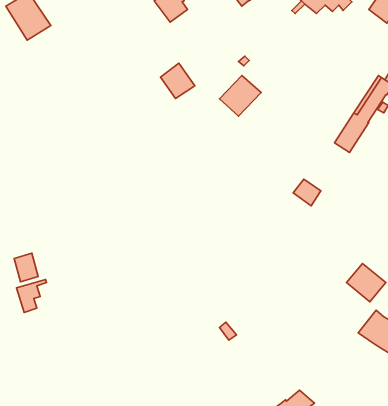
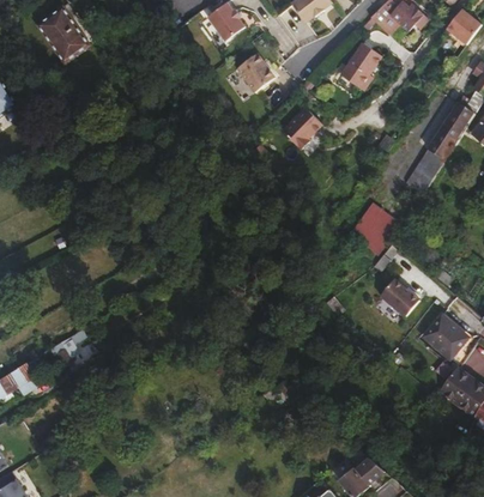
building: none -> [340,43,382,91]
building: [161,63,195,98] -> [235,55,273,95]
building: none -> [377,278,417,316]
building: [14,253,38,282] -> none

